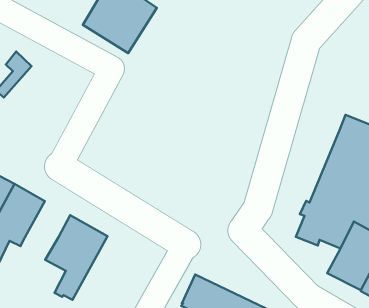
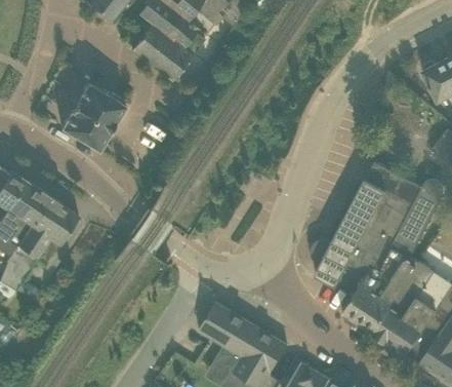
building: none -> [60,82,124,149]
building: [45,215,107,300] -> none

